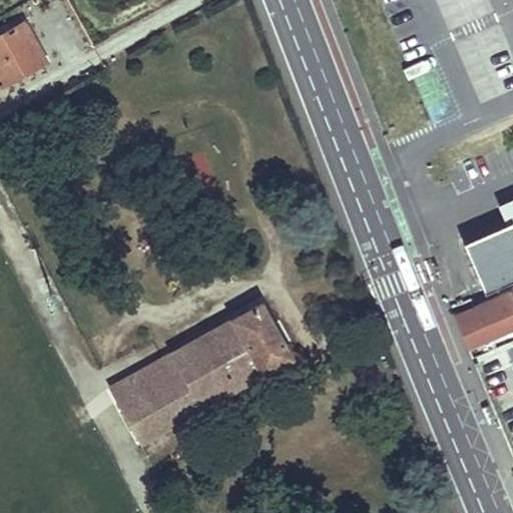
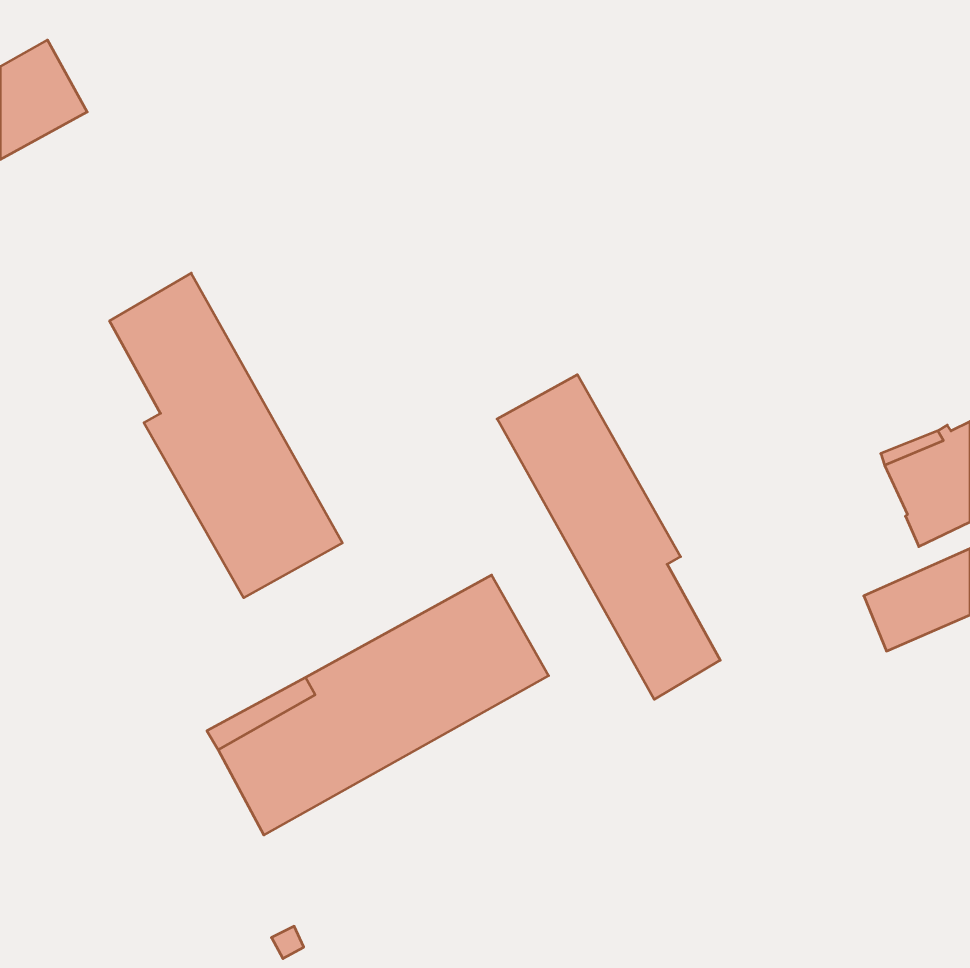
building: none -> [110,273,342,598]
building: none -> [497,375,720,699]

